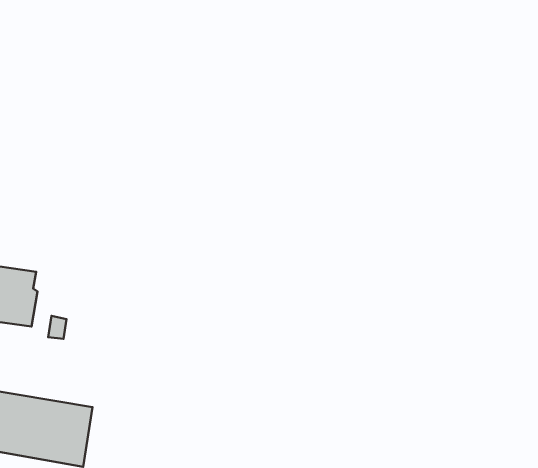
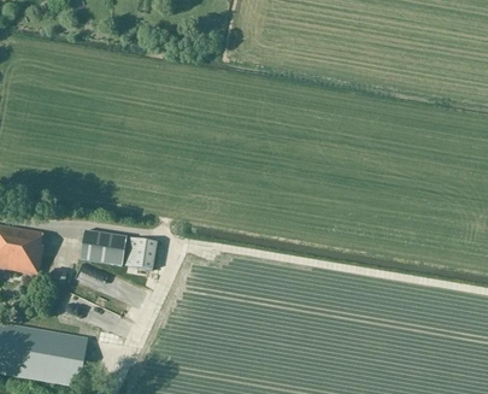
building: none -> [77,229,154,267]

